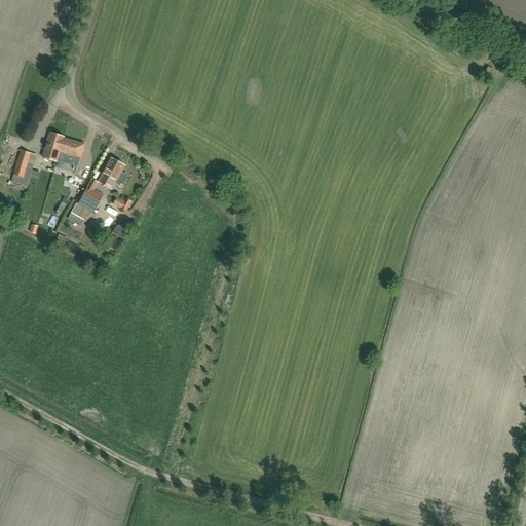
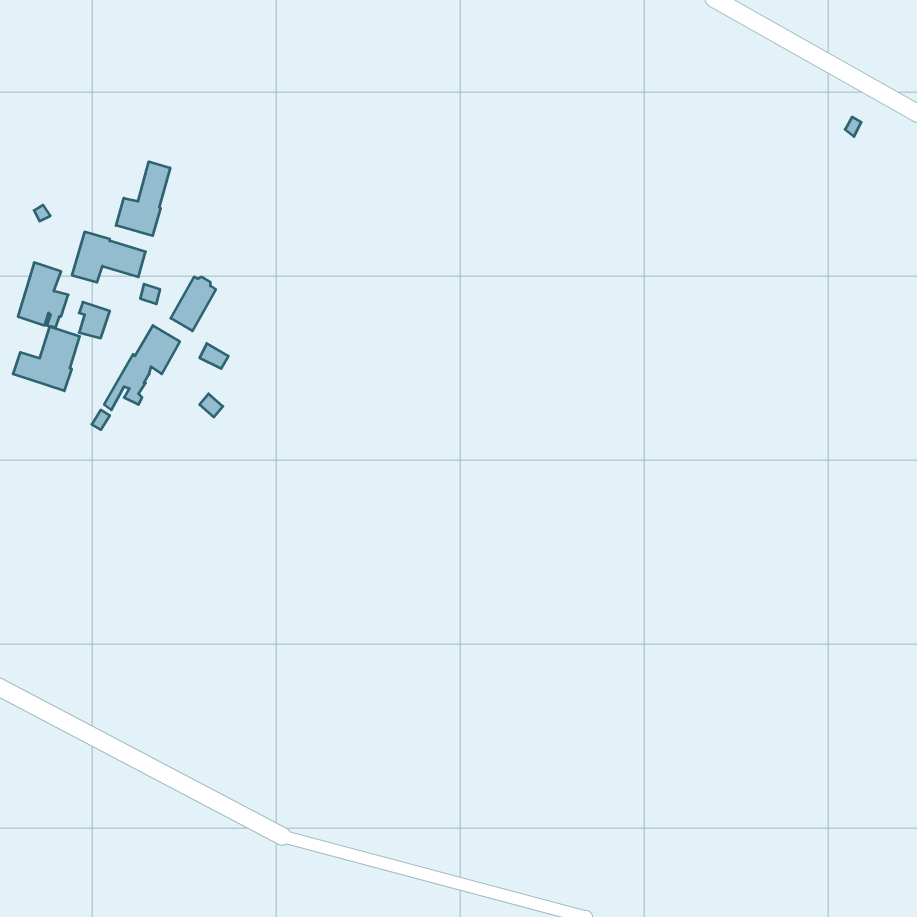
building: none -> [116,162,170,236]
building: none -> [13,326,80,391]

